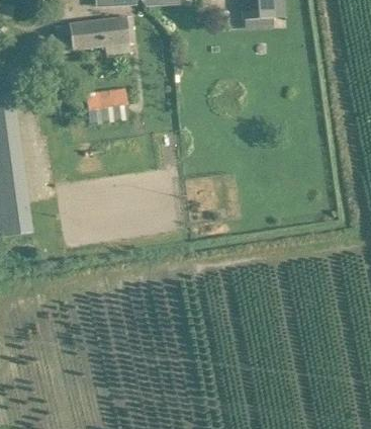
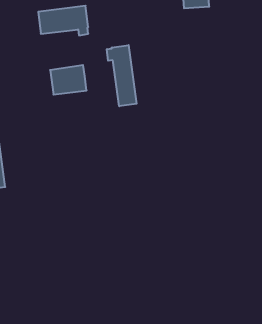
building: none -> [107,45,137,106]

